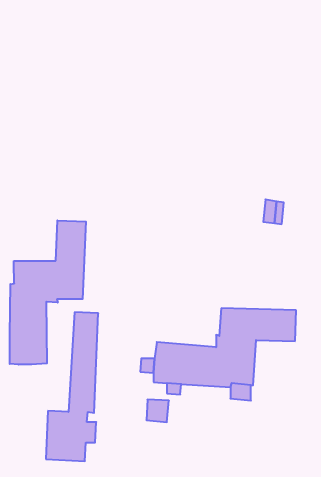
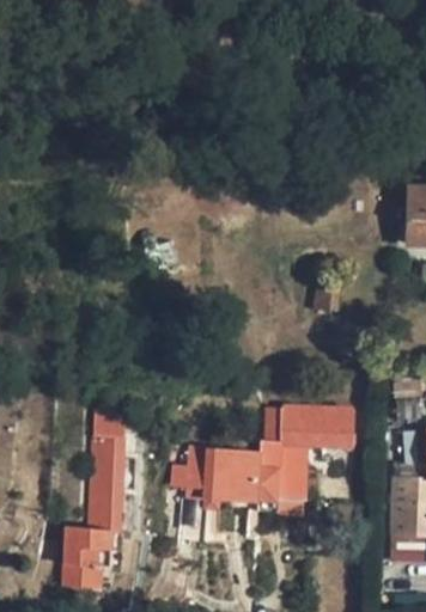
building: [10,220,86,365] -> none

